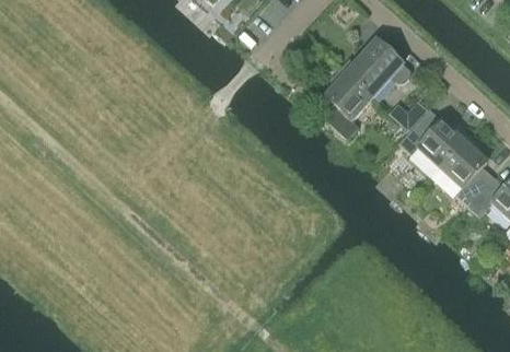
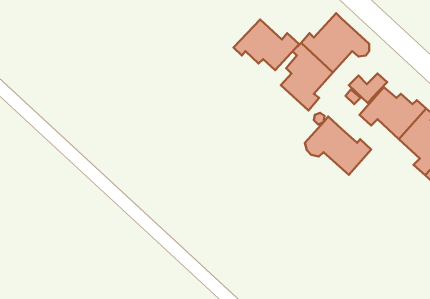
building: none -> [233,19,299,70]
building: none -> [305,117,371,175]

